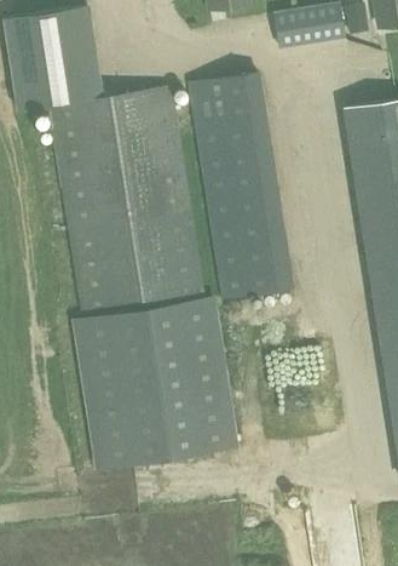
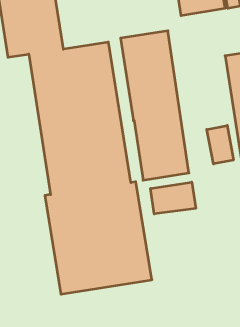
building: none -> [207,125,233,164]
building: none -> [151,182,196,214]

